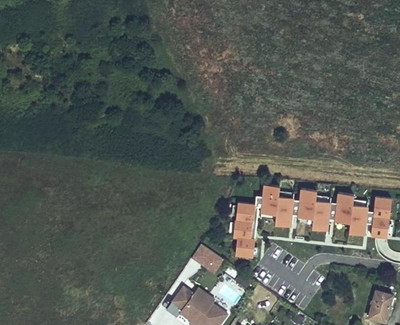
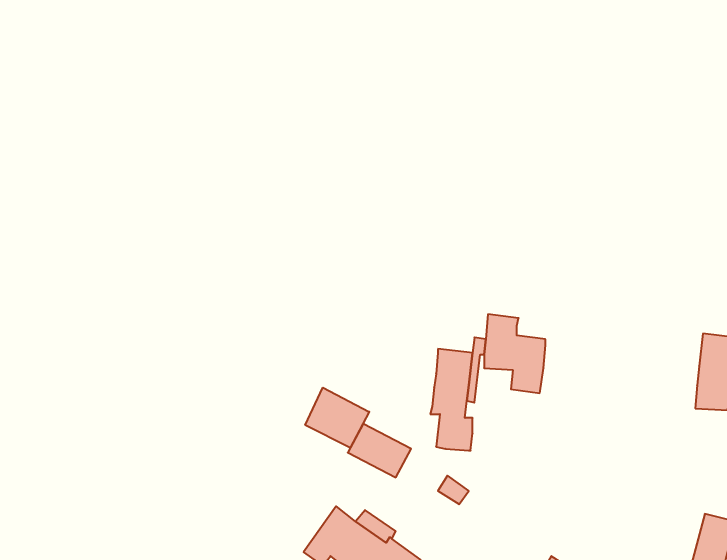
building: [298,190,331,230] -> none
building: [335,193,367,235] -> none
building: none -> [305,388,369,448]

